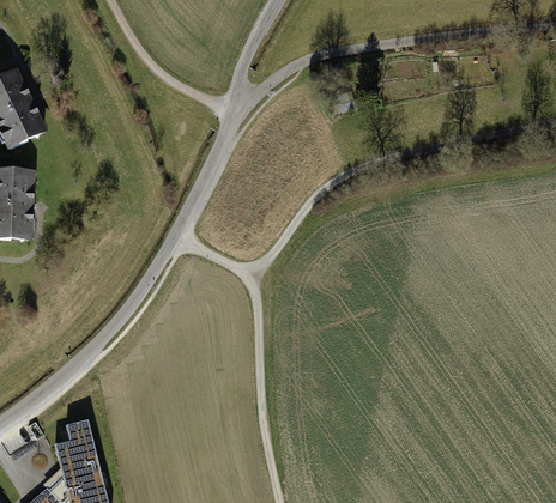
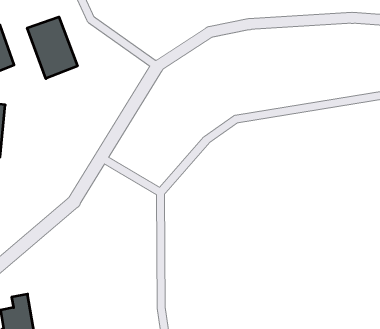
building: none -> [27,17,77,79]

